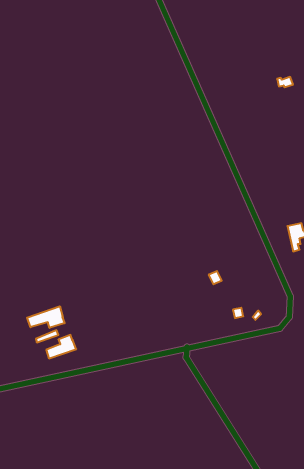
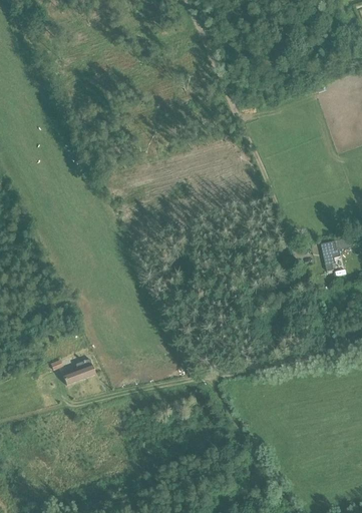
building: [27,306,65,328] -> none

